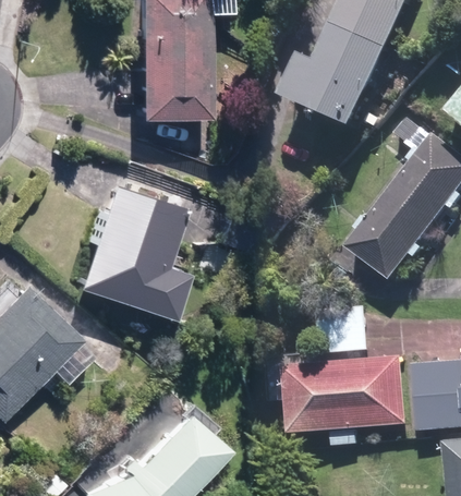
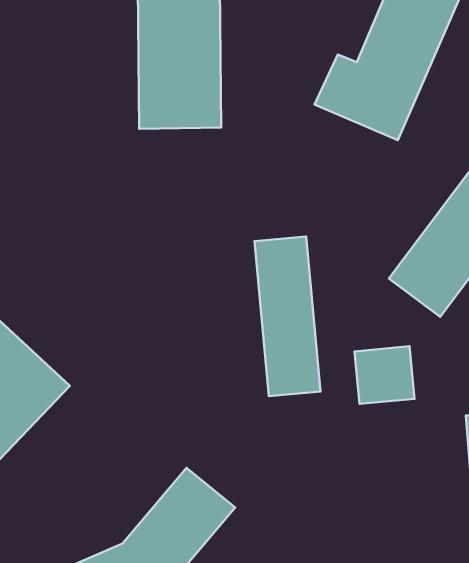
building: [69,183,179,318] -> none
building: none -> [254,236,321,396]
building: [282,354,405,433] -> none

